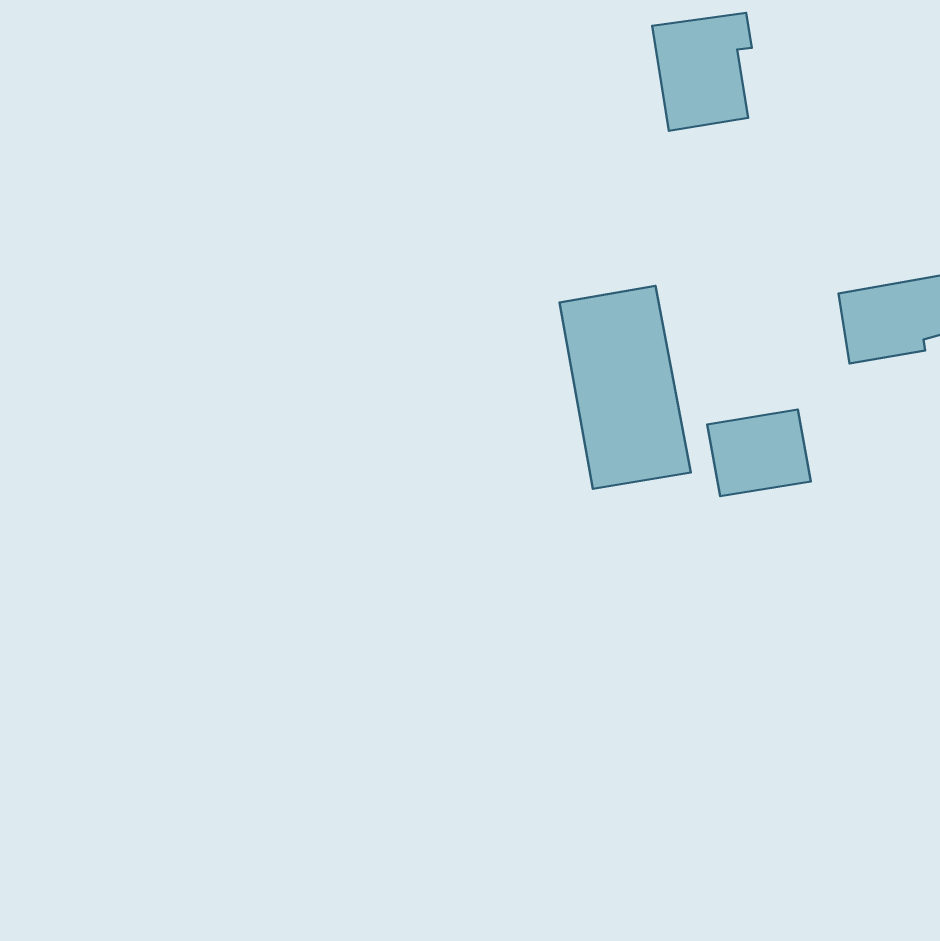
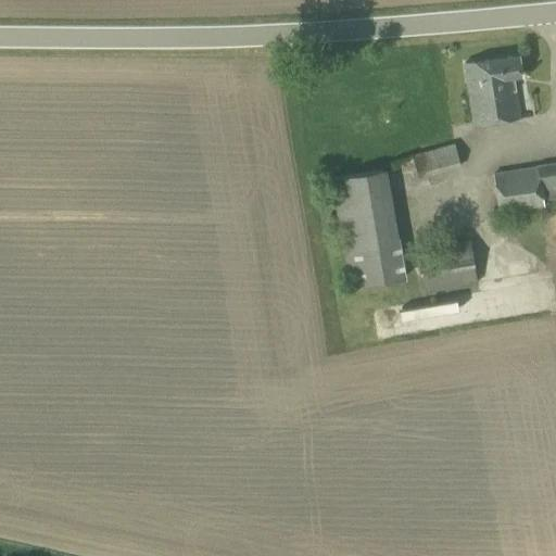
building: [652,13,752,131] -> [464,55,522,125]
building: none -> [415,143,463,177]

